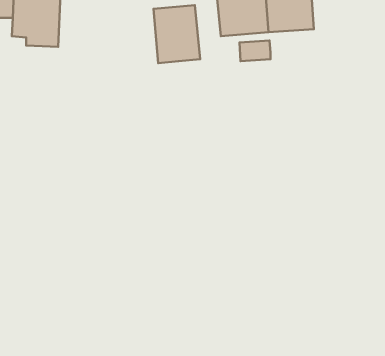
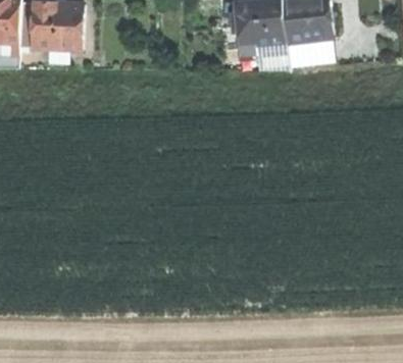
building: [154,5,200,63] -> none
building: none -> [286,37,333,60]

